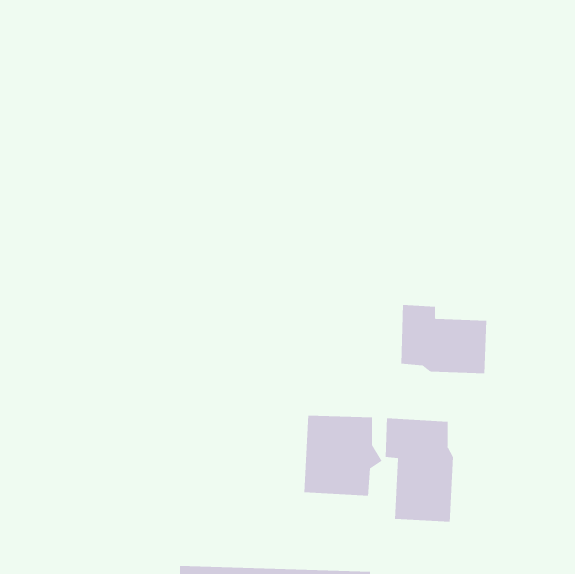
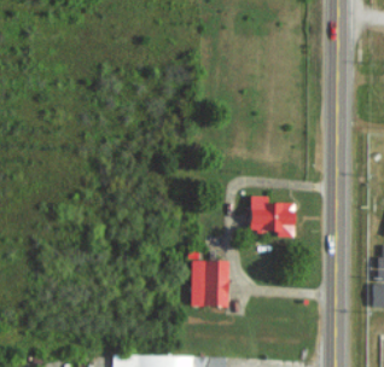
building: [385,418,454,523] -> none

